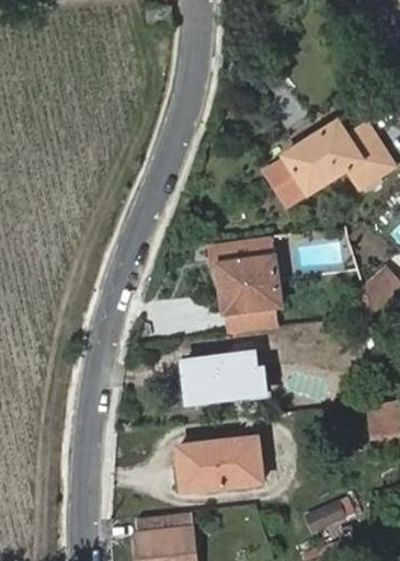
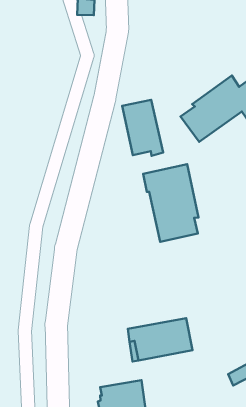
building: none -> [122,100,163,156]
building: [184,354,264,402] -> none

